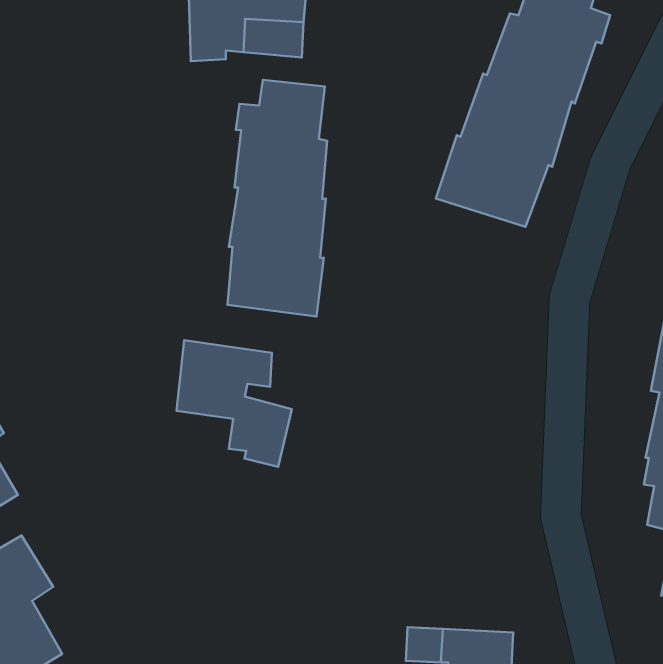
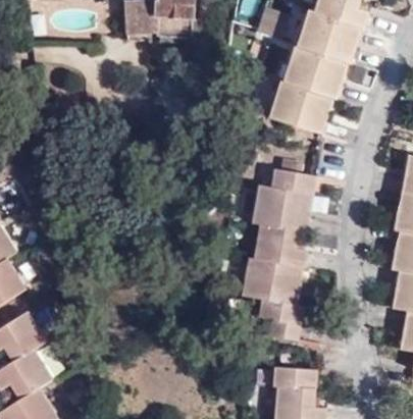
building: [227,80,327,317] -> none
building: none -> [240,168,315,339]
building: [177,340,292,467] -> none

